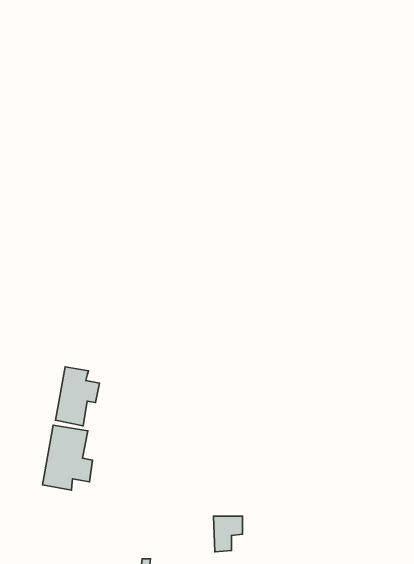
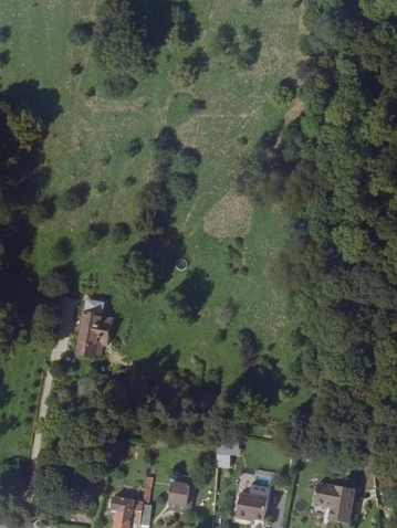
building: [43,425,93,490] -> none

